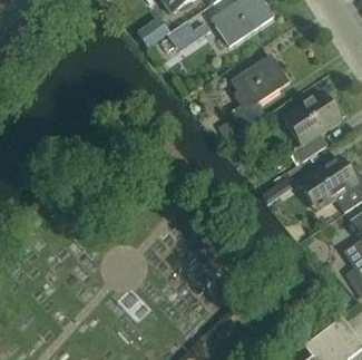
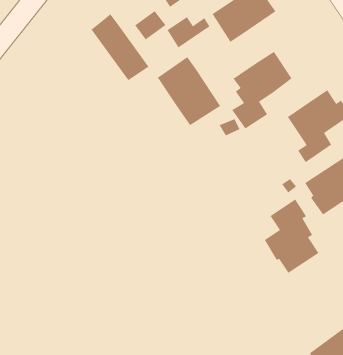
building: none -> [90,13,149,81]
building: none -> [157,56,221,126]
building: none -> [264,199,319,274]

